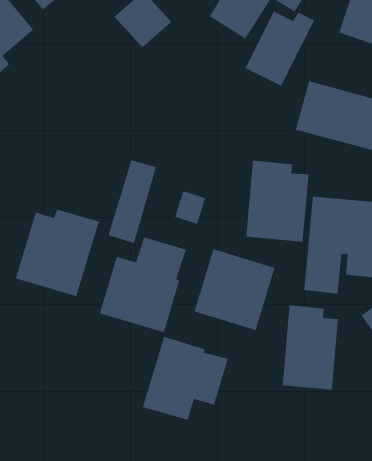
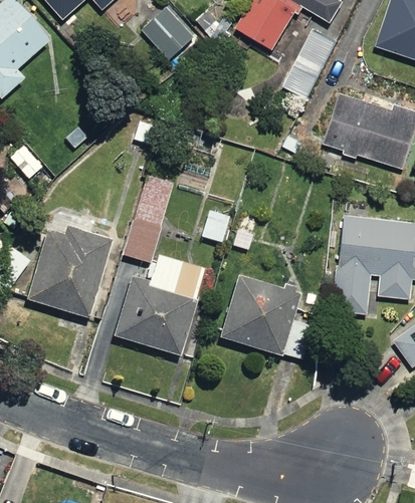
building: [246,160,309,243] -> none
building: [282,304,339,390] -> none
building: [142,336,229,421] -> none

